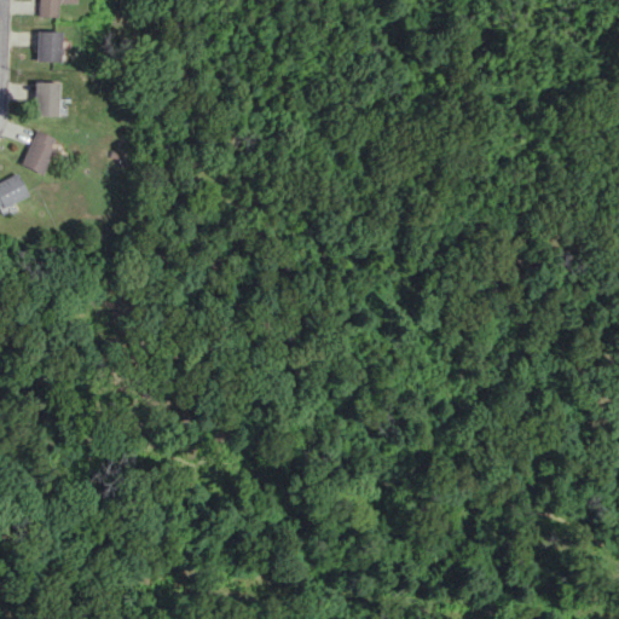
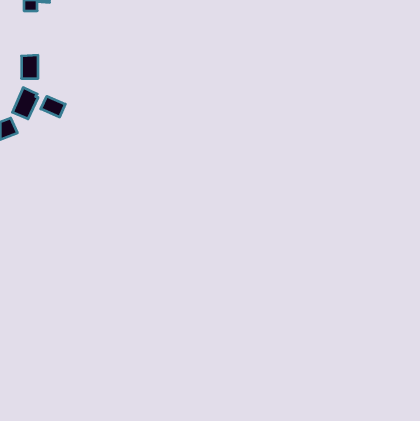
building: [36,31,62,62] -> none
building: none -> [41,96,65,117]

